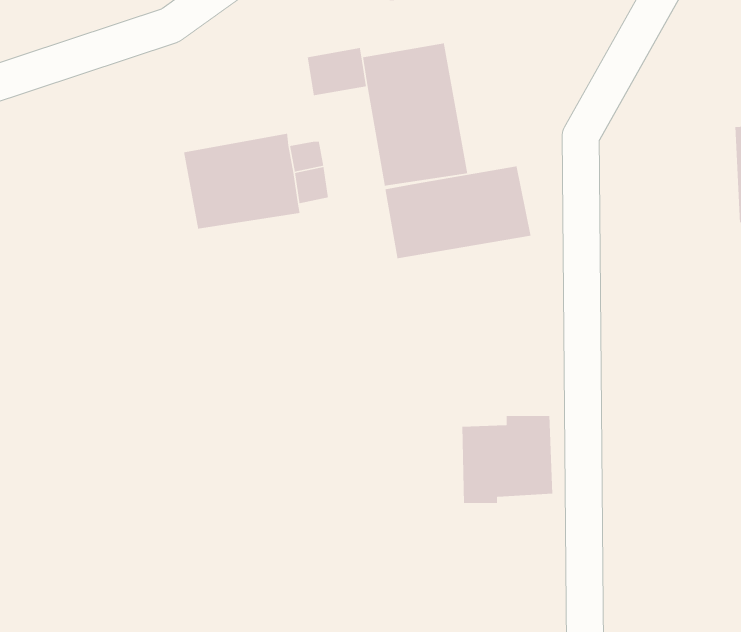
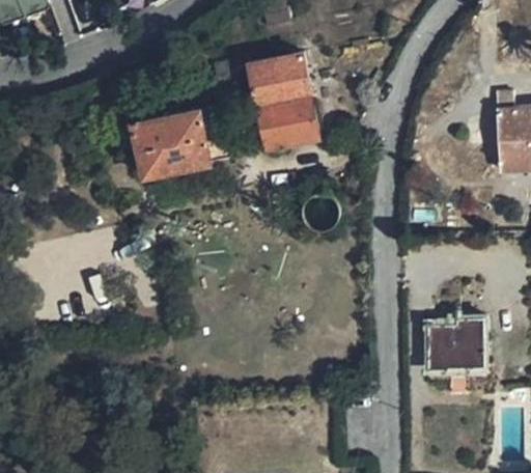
building: [384,165,532,259] -> none
building: [461,415,553,504] -> [424,314,484,372]

